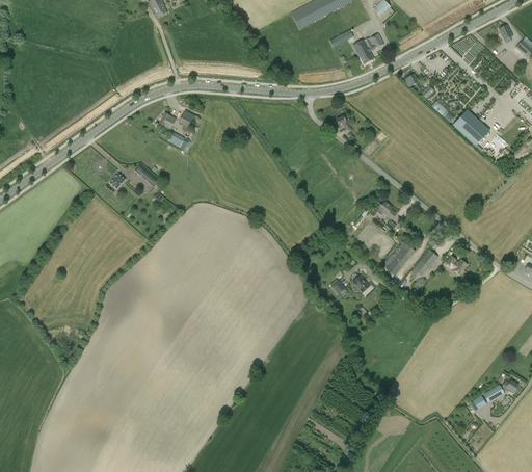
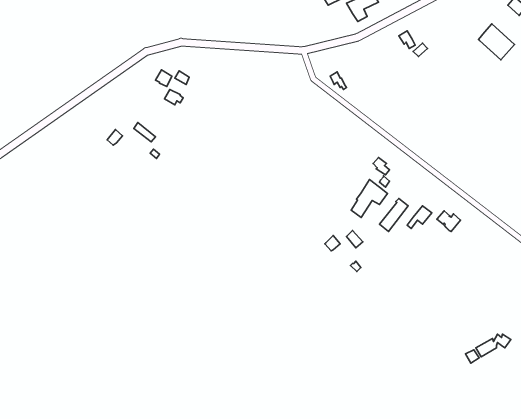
building: [453,109,489,146] -> [478,24,514,60]
building: none -> [351,180,387,218]

